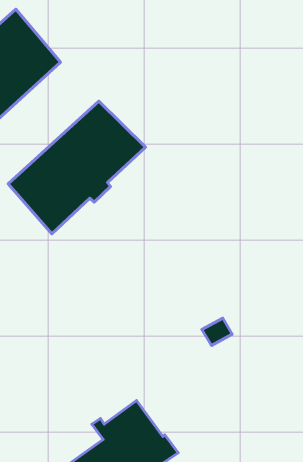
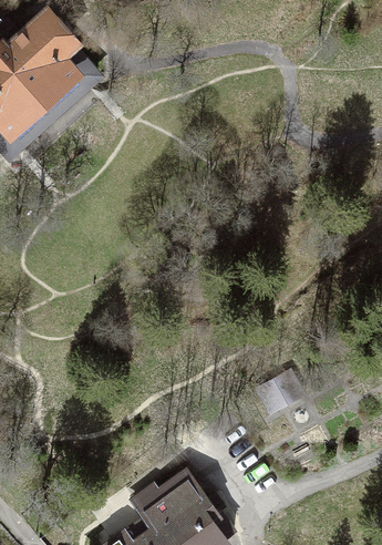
building: [8,101,145,234] -> none

